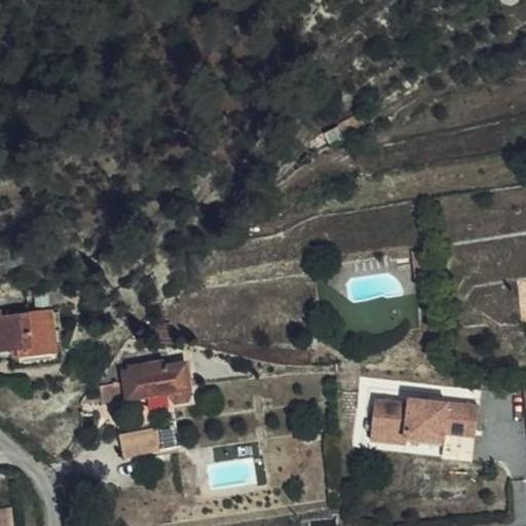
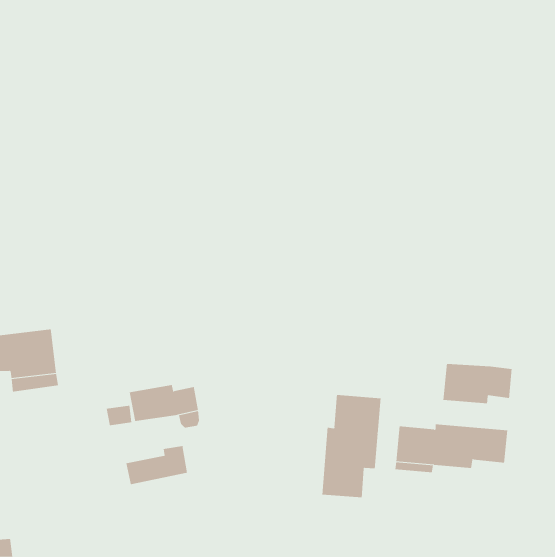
building: none -> [443,363,512,404]
building: none -> [322,394,381,498]

